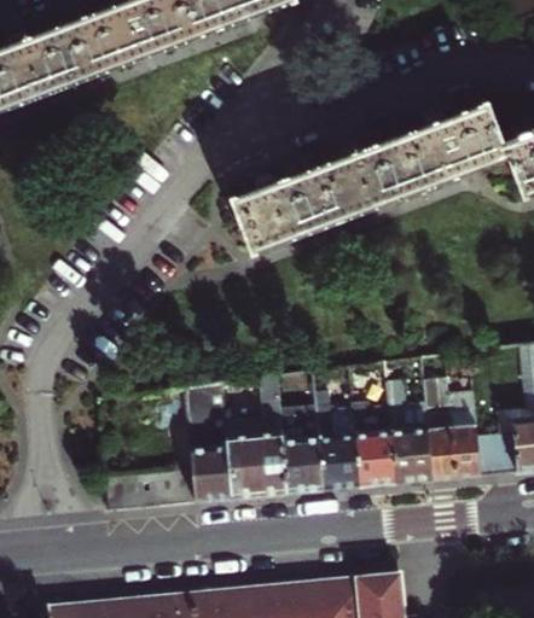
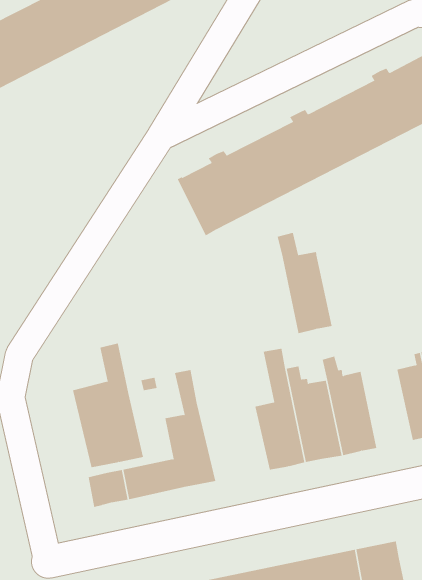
building: [224,377,286,496] -> [72,343,144,468]
building: [385,381,430,482] -> [277,232,333,334]

